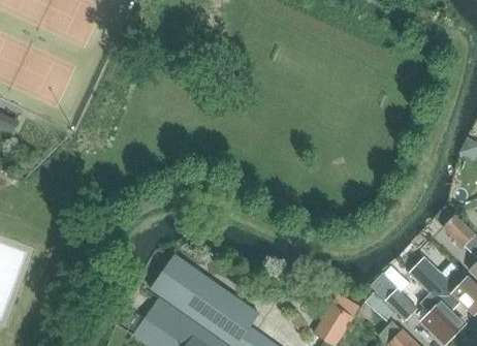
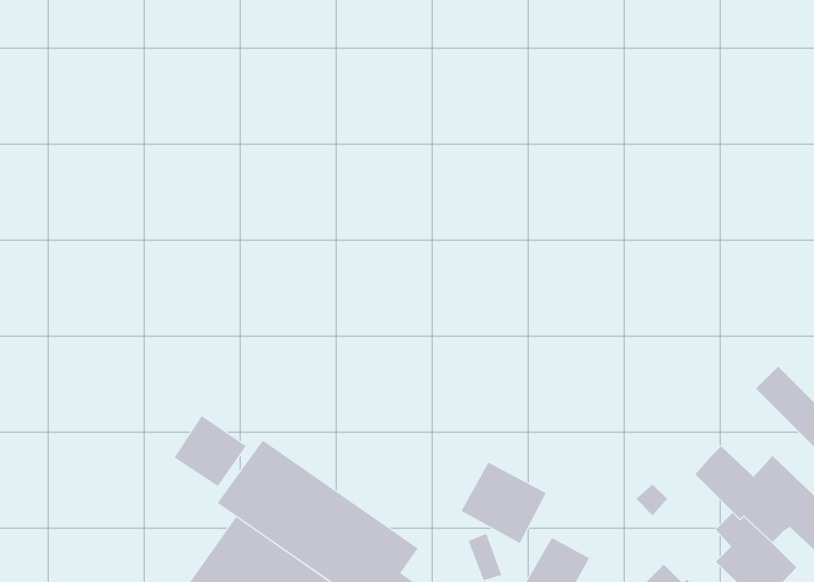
building: none -> [174,415,246,487]
building: none -> [461,462,546,544]
building: [364,288,418,321] -> none

